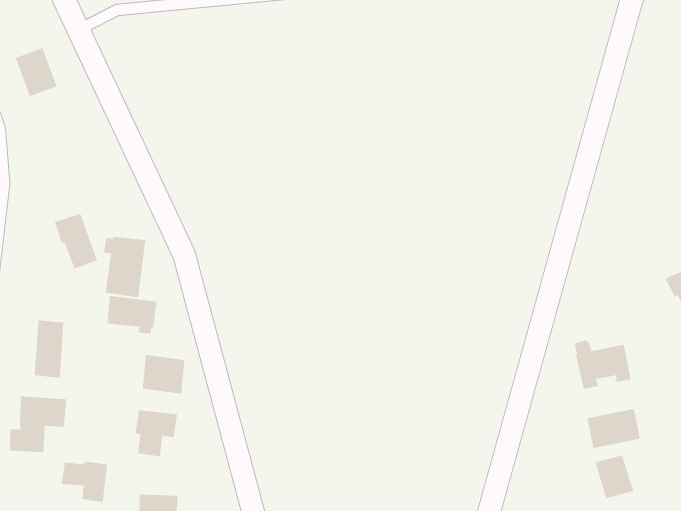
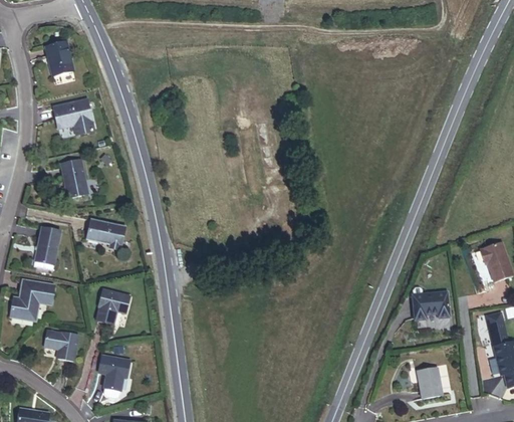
building: none -> [53,97,93,132]
building: [103,236,146,298] -> none
building: [142,354,185,394] -> none
building: [587,408,640,449] -> none

